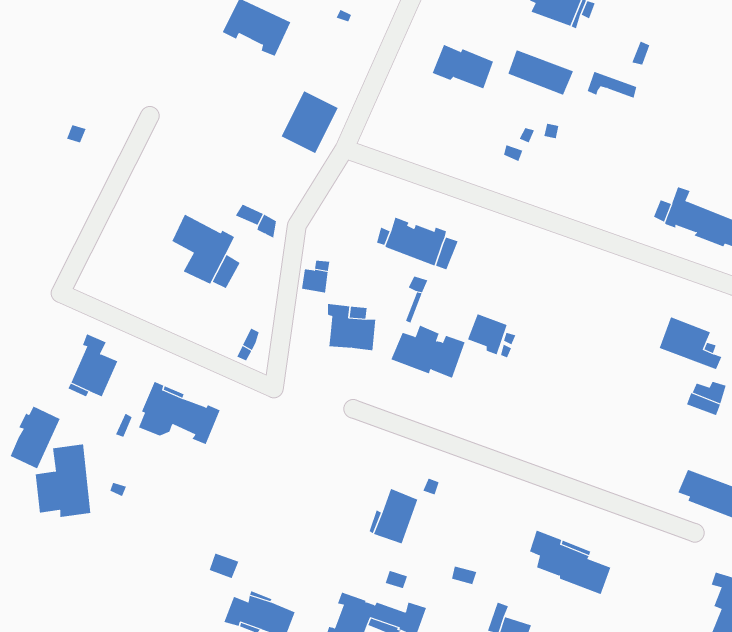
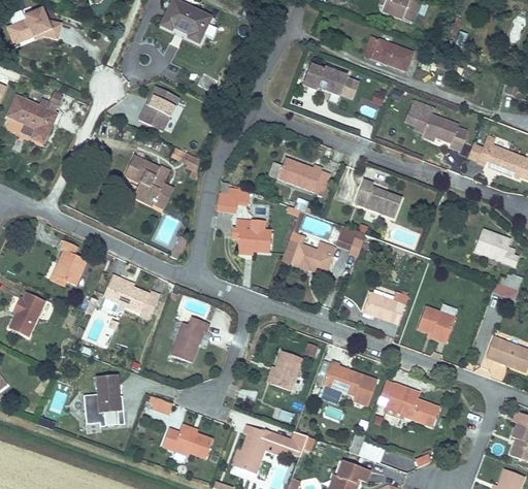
building: none -> [7,6,64,43]
building: [432,44,494,89] -> [302,64,346,96]
building: [281,90,339,154] -> [139,86,180,131]
building: none -> [8,96,56,143]
building: none -> [404,99,467,151]
building: none -> [355,178,402,219]
building: none -> [363,292,405,325]
building: none -> [418,303,457,343]
building: none -> [171,317,209,362]
building: [35,444,91,517] -> [84,374,124,427]
building: none -> [323,360,377,404]

